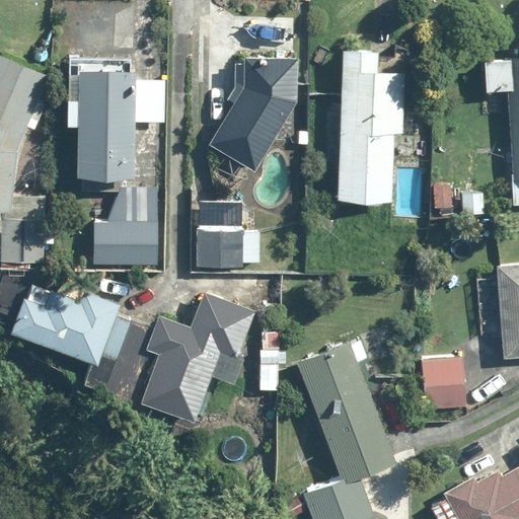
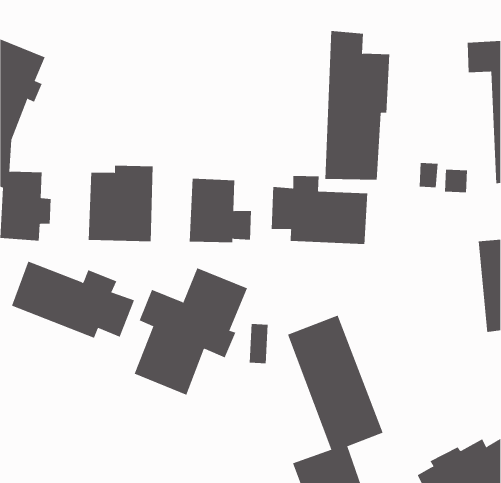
building: [66,55,166,178] -> none
building: [213,67,298,168] -> none
building: none -> [271,175,368,245]
building: [422,357,465,409] -> none

